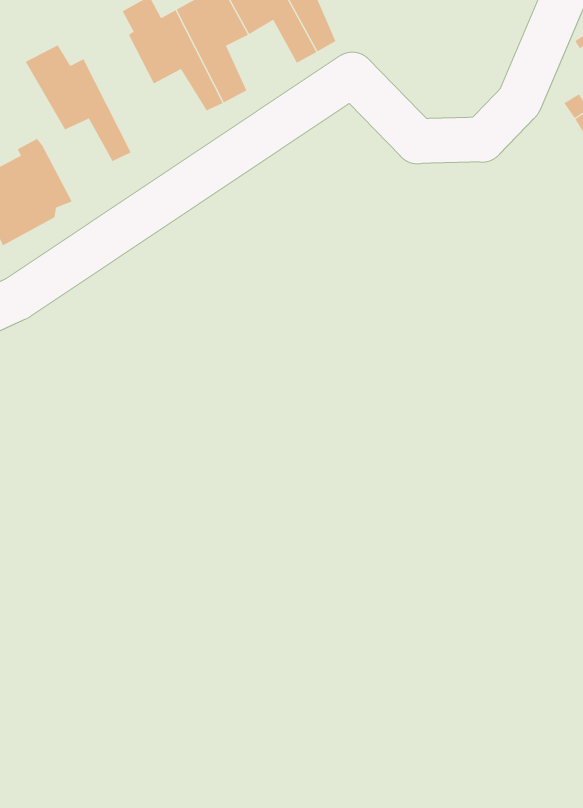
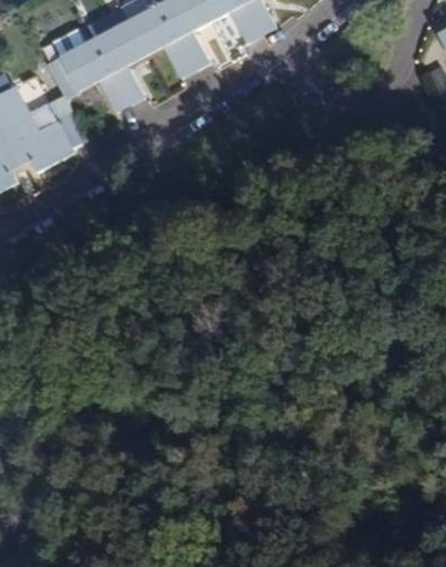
building: none -> [91,24,139,106]

